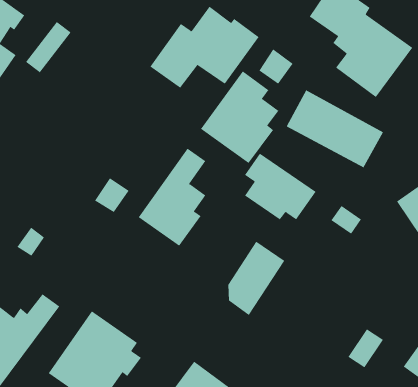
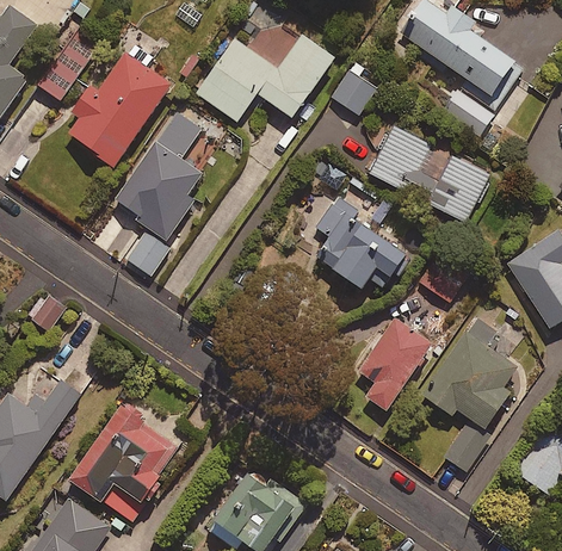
building: none -> [69,52,171,165]
building: [200,71,279,164] -> none
building: [138,148,206,247] -> [115,113,200,237]
building: [227,241,285,316] -> [358,317,431,411]
building: none -> [421,321,515,428]

